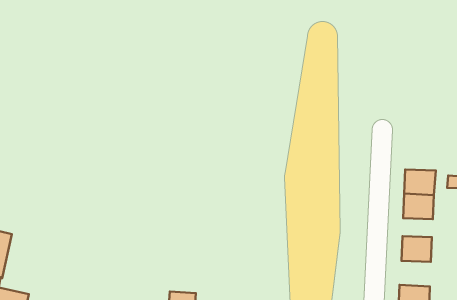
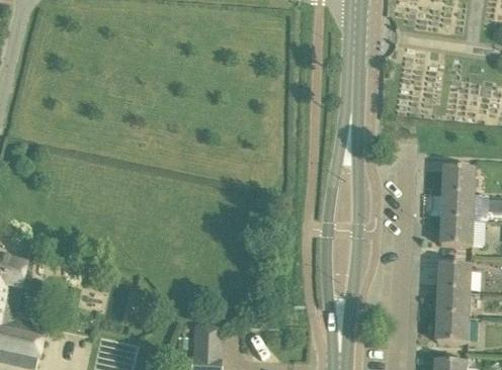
building: none -> [442,167,476,194]
building: none -> [436,290,470,317]

